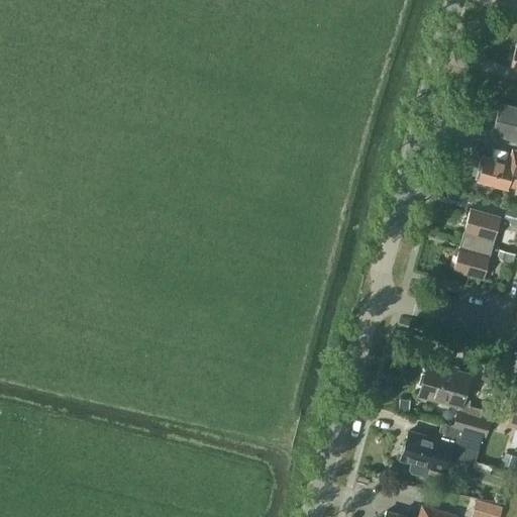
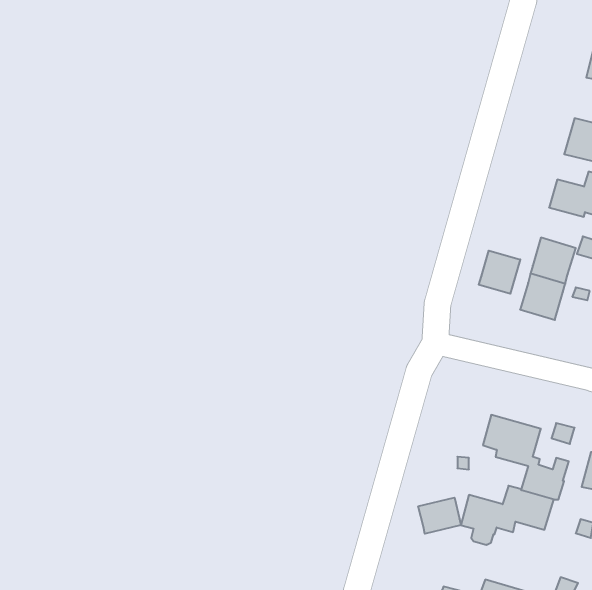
building: none -> [479,251,520,294]
building: none -> [418,498,461,534]

